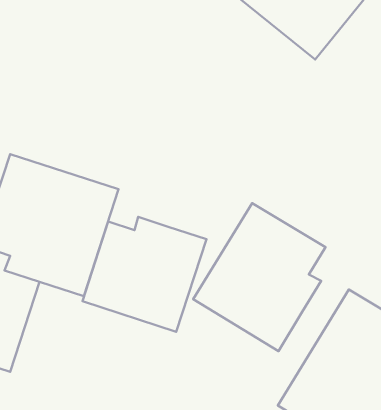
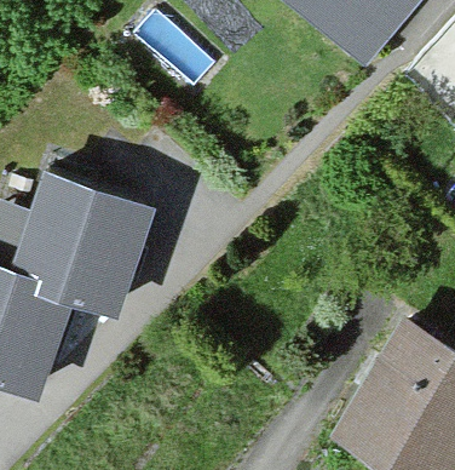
building: [193,203,325,351] -> none
building: [83,217,206,332] -> none

